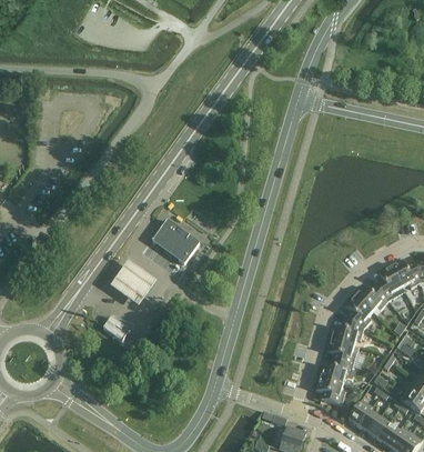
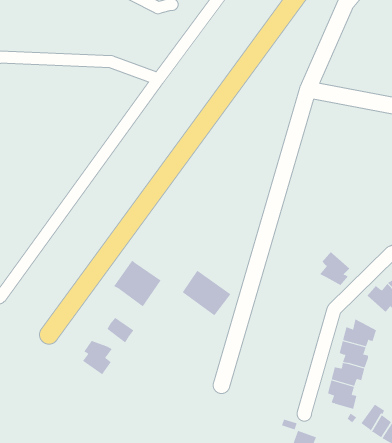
building: [152,220,200,263] -> [182,270,231,315]
building: [343,295,373,329] -> [319,251,350,286]
building: none -> [82,340,112,375]

